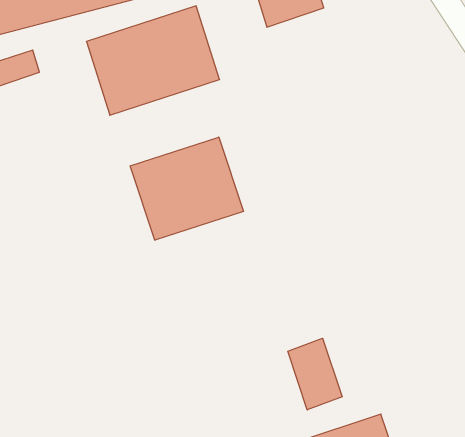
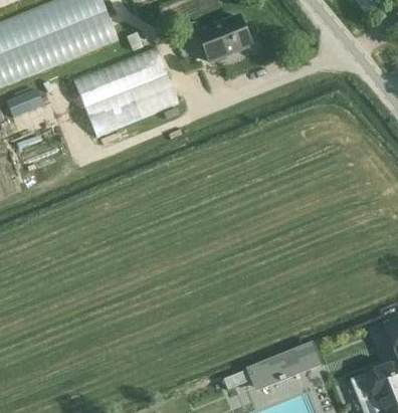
building: [130,137,243,240] -> none
building: [288,338,342,410] -> none

